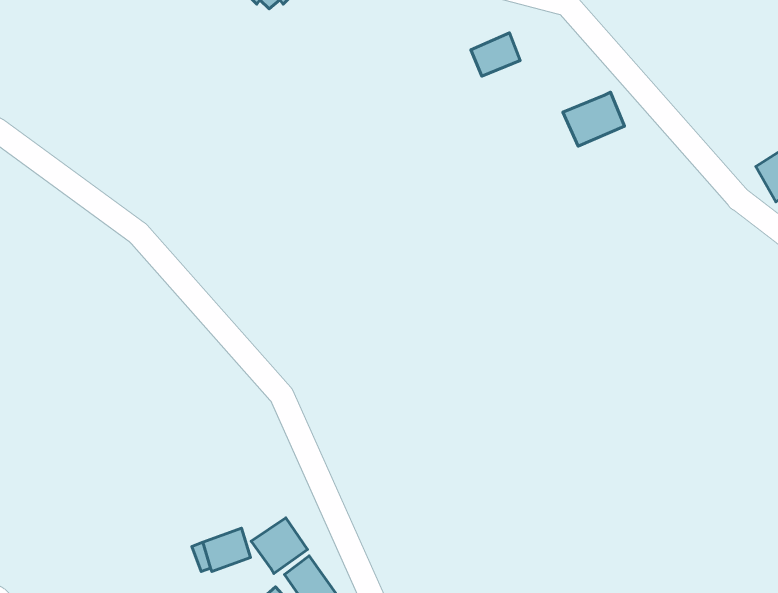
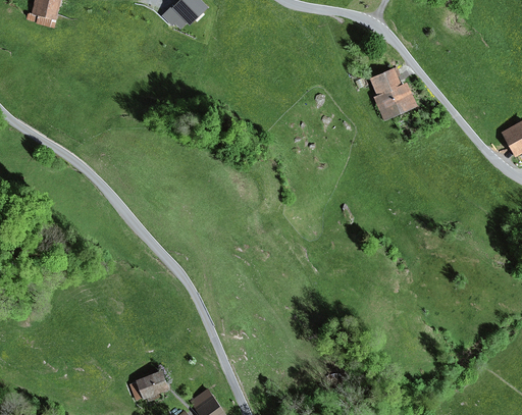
building: [471,33,520,76] -> [369,67,402,96]
building: [251,518,307,574] -> none

